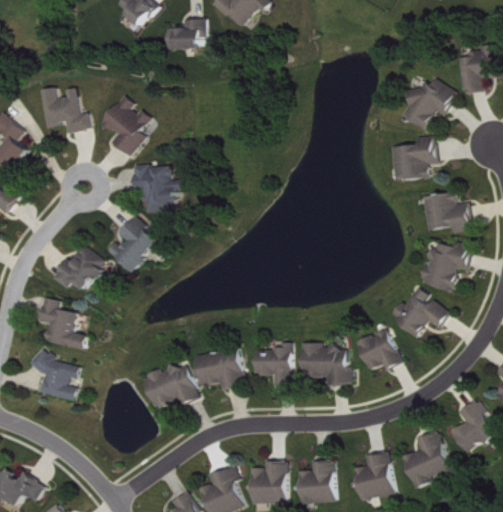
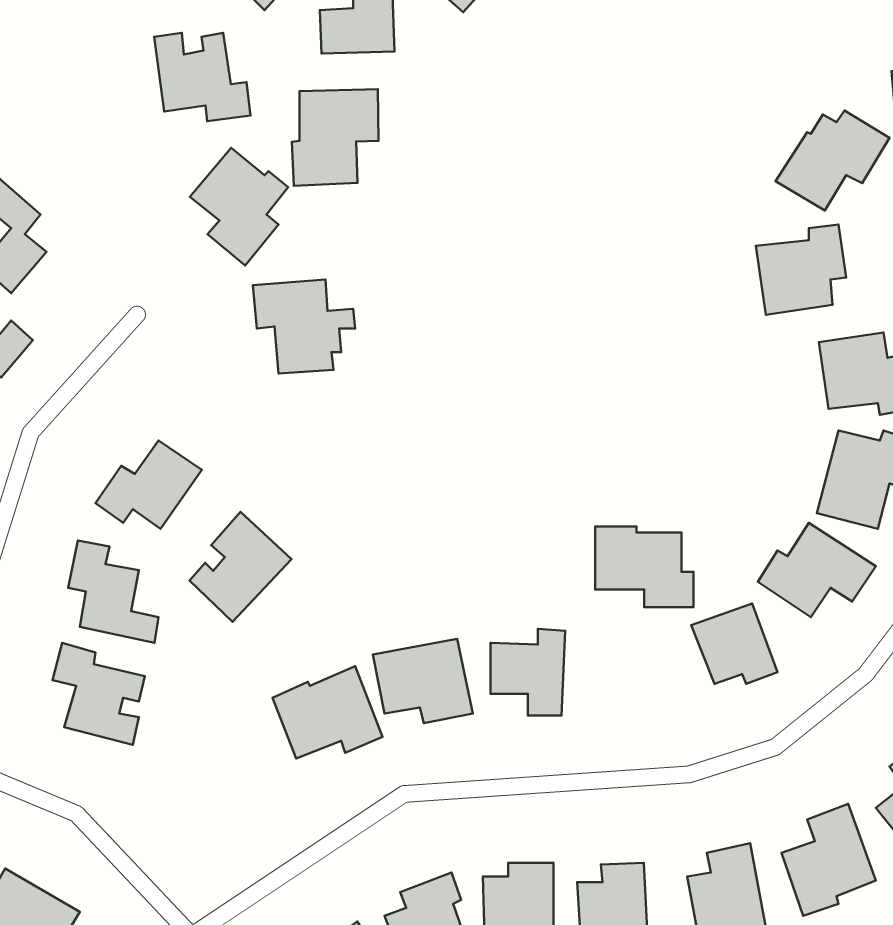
building: none -> [292,89,378,186]
building: [40,87,89,132] -> [154,33,251,121]
building: [107,216,159,272] -> [189,512,292,622]
building: [300,343,350,384] -> [595,527,693,607]

